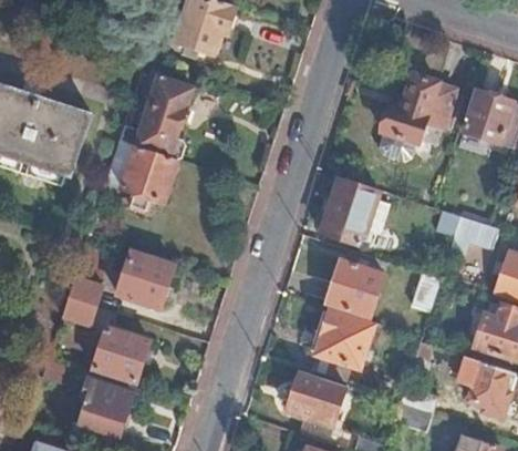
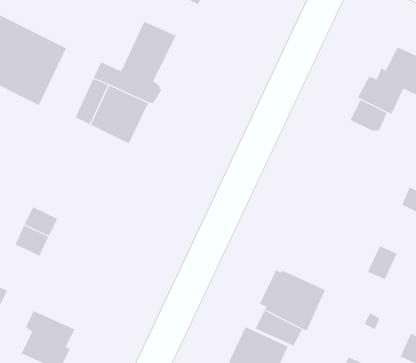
building: [322,177,388,240] -> none
building: [117,253,172,307] -> none
building: [327,256,385,314] -> none
building: [93,327,147,382] -> none

